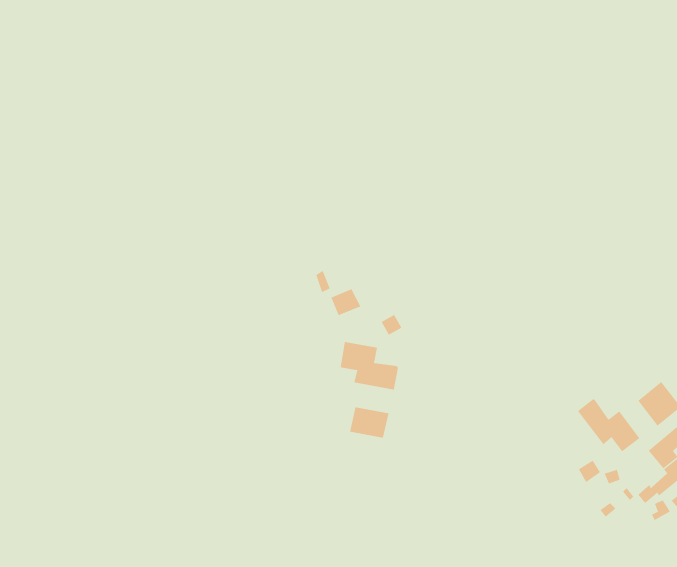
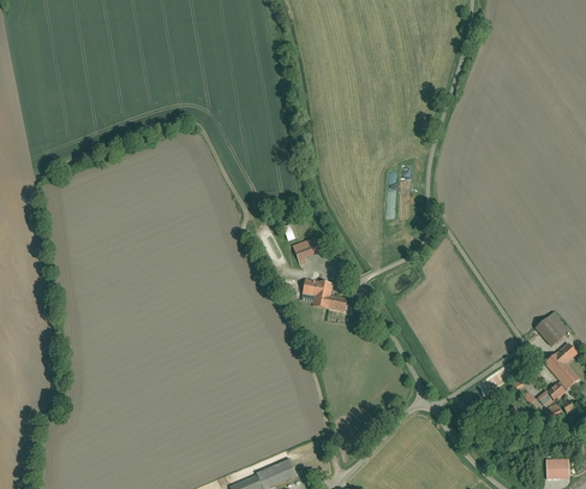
building: [577,398,640,452] -> none
building: [349,407,389,438] -> none

